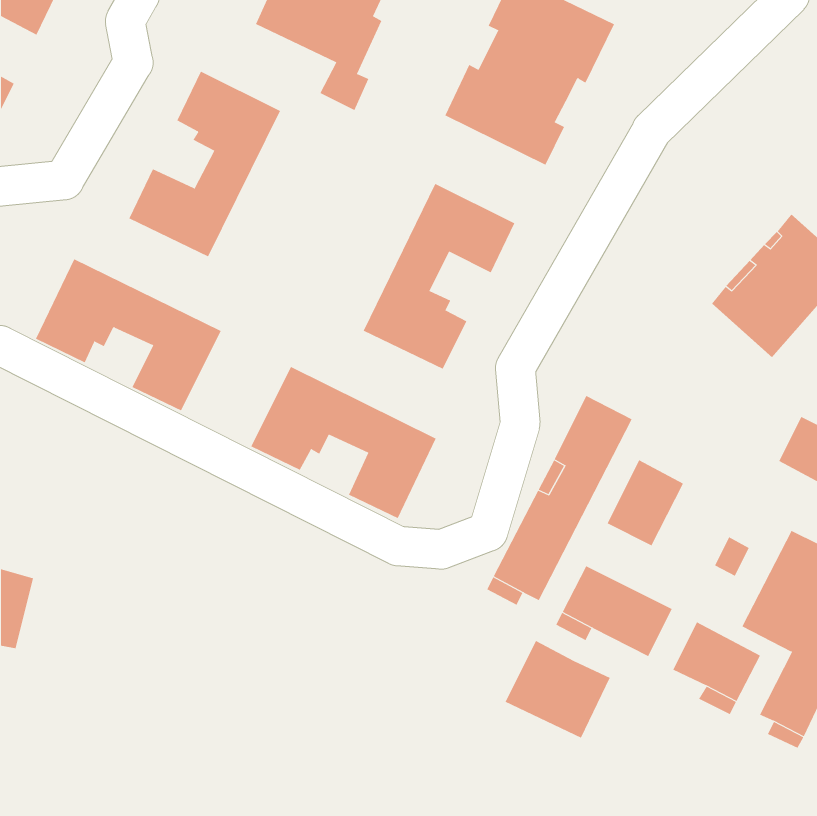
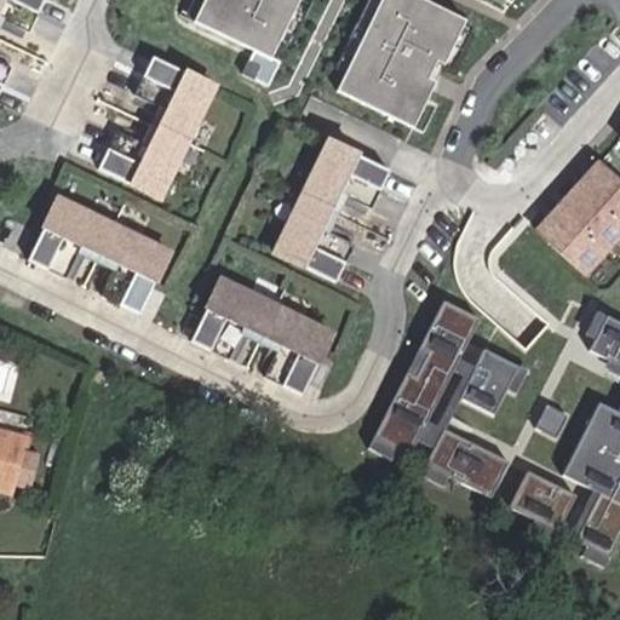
building: [505,640,611,738] -> none

